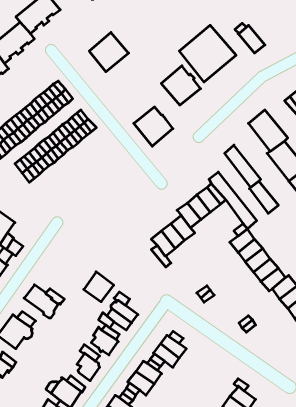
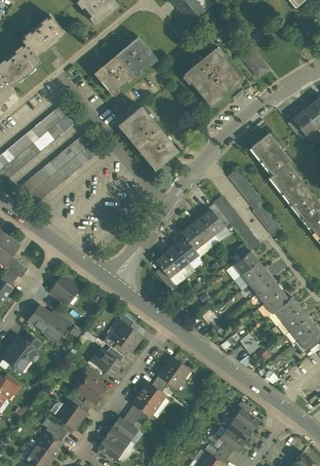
building: none -> [115,38,154,77]
building: [161,66,201,105] -> [119,108,158,147]
building: [84,272,114,302] -> [49,275,79,305]

